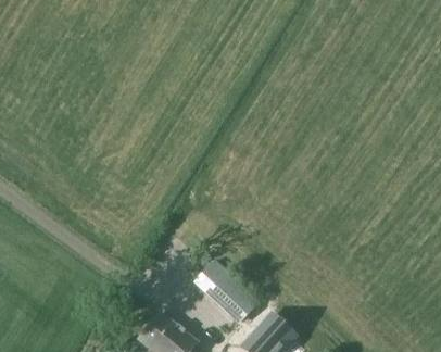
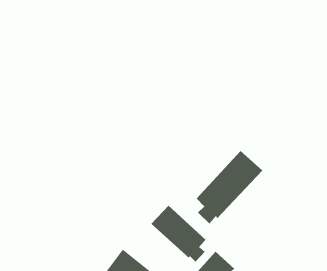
building: none -> [196,150,263,224]

